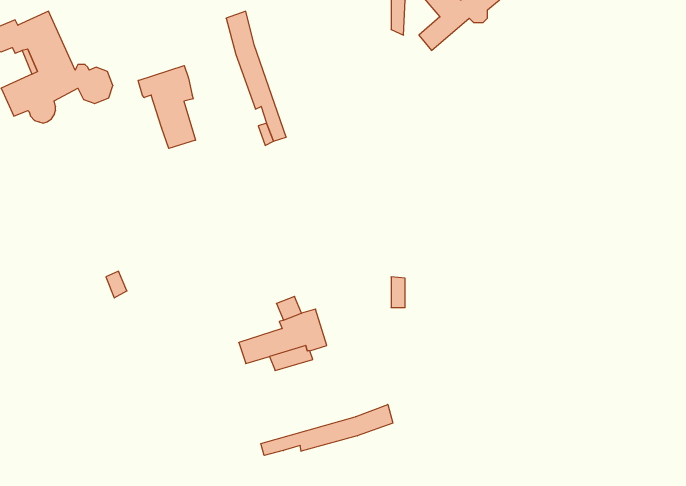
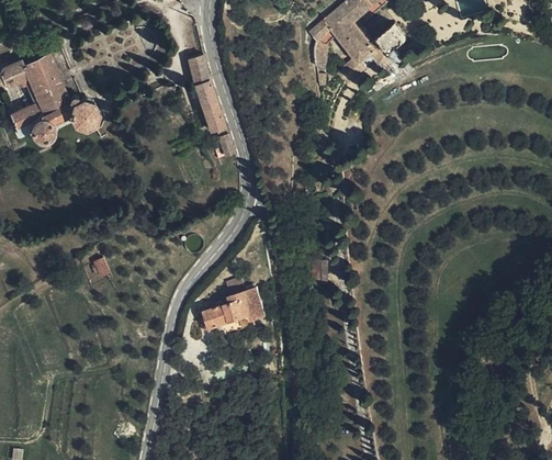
building: [138,66,196,148] -> none
building: [261,404,393,455] -> none

